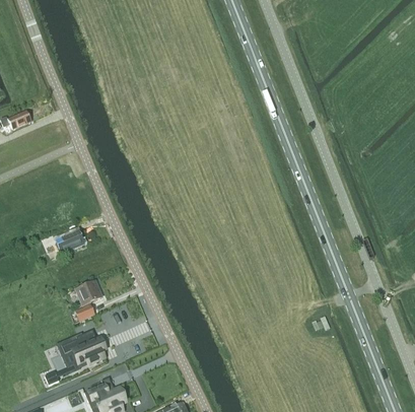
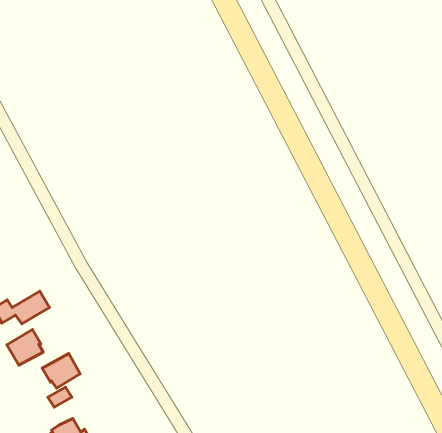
building: none -> [7,329,43,365]

